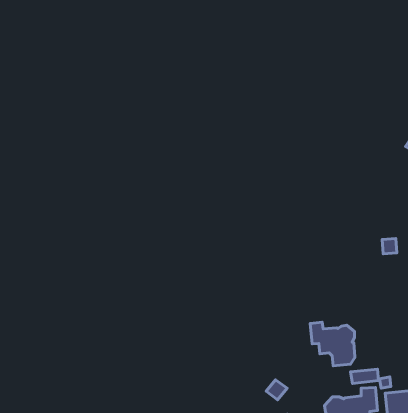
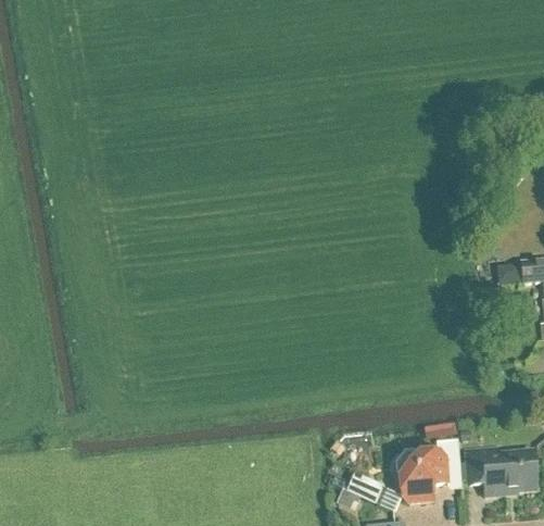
building: [310,322,355,366] -> none

